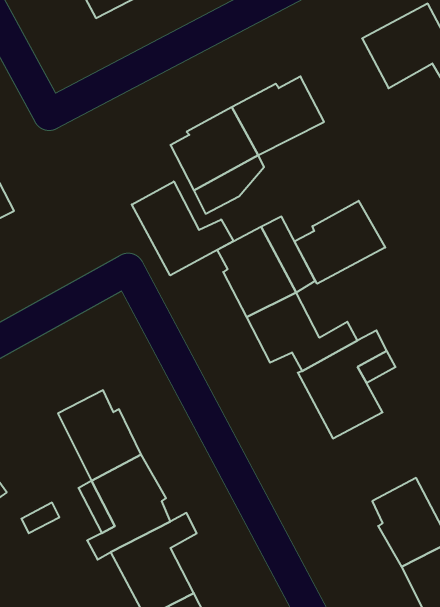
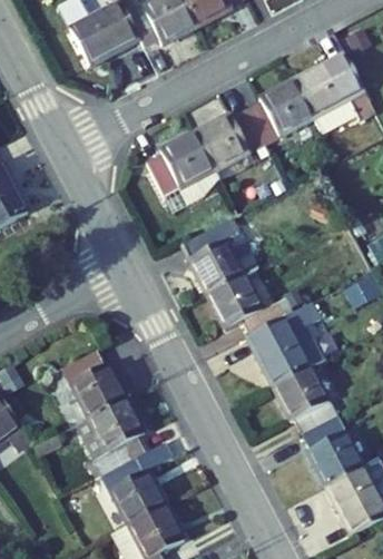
building: none -> [248,80,315,144]
building: [132,181,233,275] -> none
building: [295,201,385,284] -> none
building: none -> [273,365,336,433]

